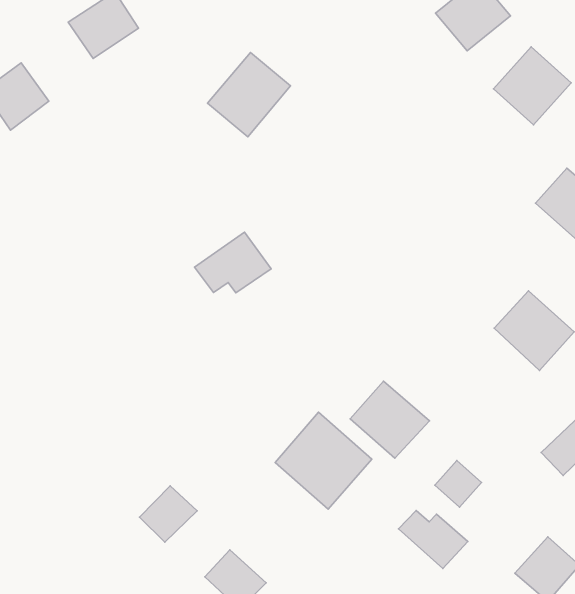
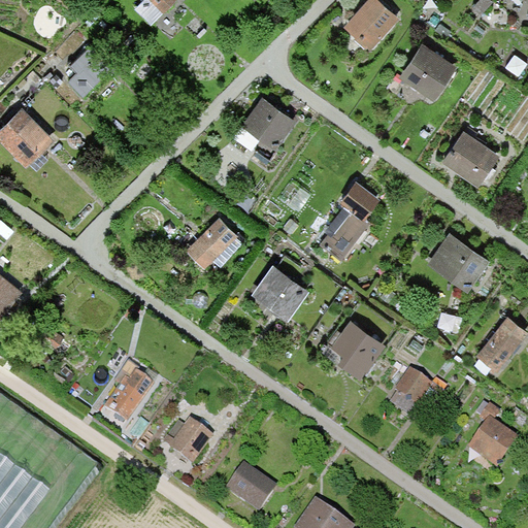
building: [208,52,291,137] -> [234,97,297,163]
building: none -> [321,180,378,256]
building: none -> [249,265,307,324]
building: none -> [100,368,153,428]
building: [275,412,372,509] -> none
building: [398,510,468,569] -> none

